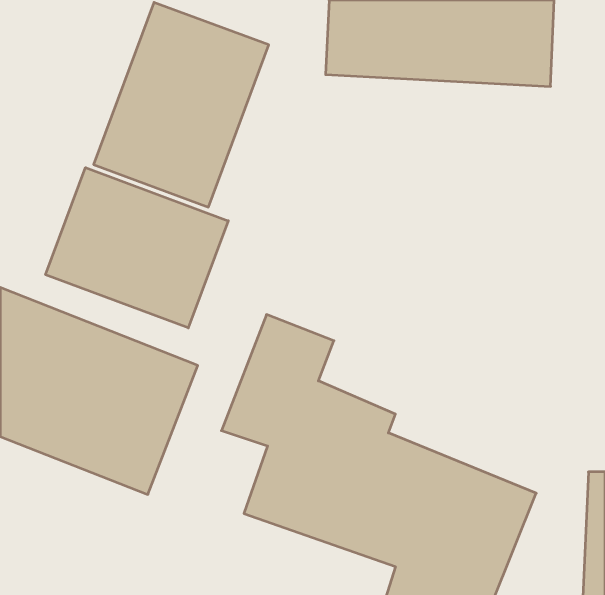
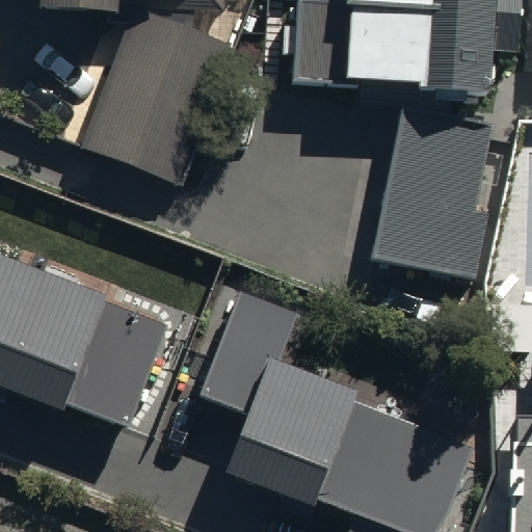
building: none -> [372,106,496,277]
building: [46,168,228,328] -> none

